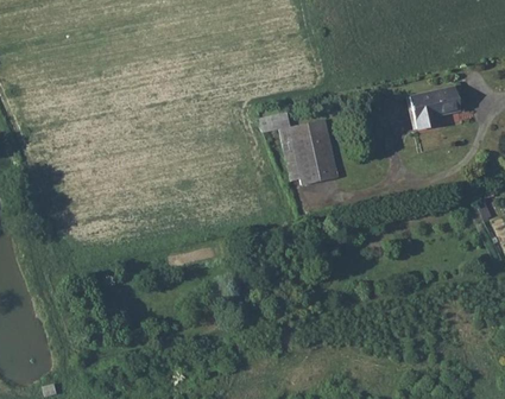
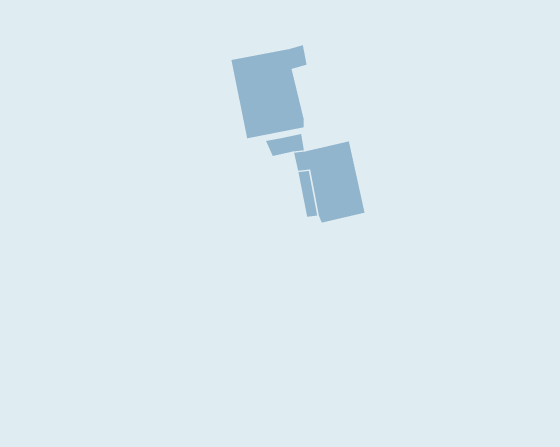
building: none -> [231,44,307,139]
building: [409,87,457,129] -> none

